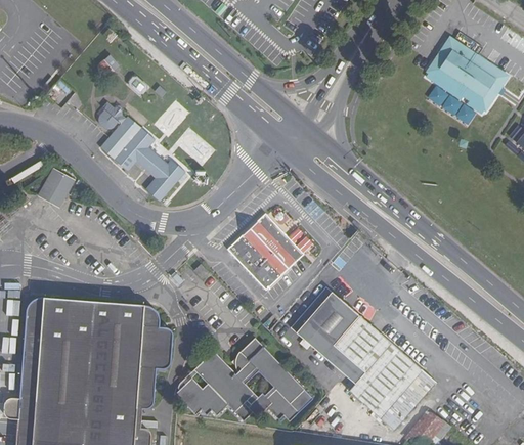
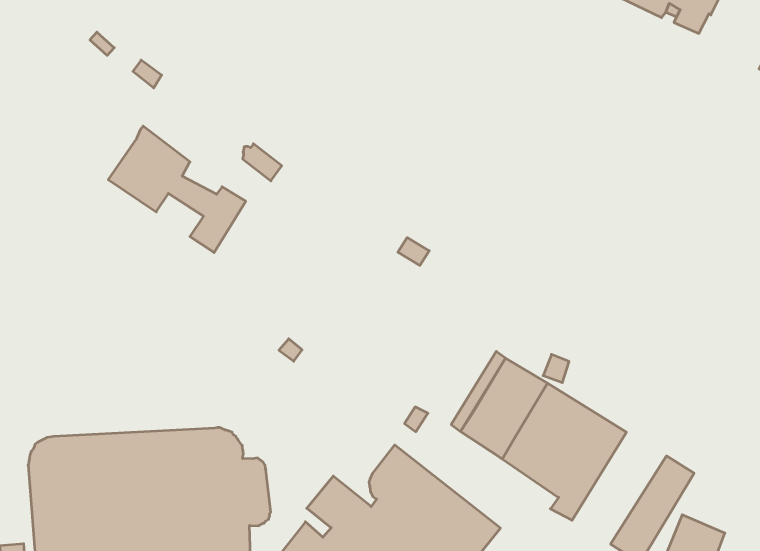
building: [101,103,128,130] -> none
building: [38,166,77,208] -> none
building: [226,213,302,290] -> none
building: [357,352,422,419] -> none

